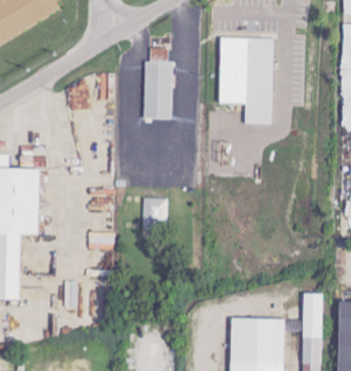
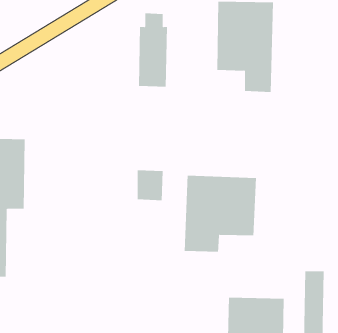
building: none -> [184,175,257,253]

